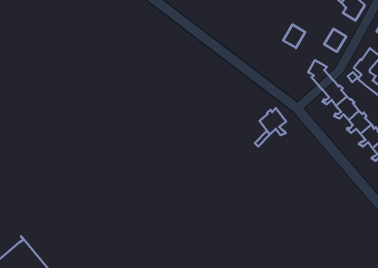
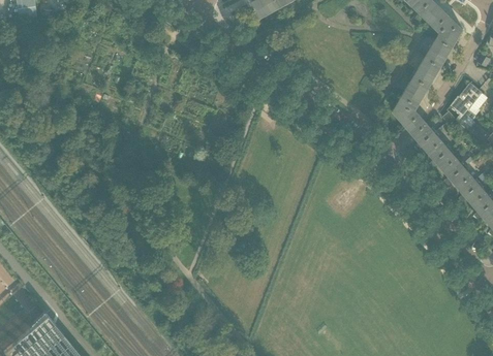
building: none -> [424,40,451,69]
building: [283,24,305,48] -> [401,78,428,107]
building: [259,108,286,135] -> none

